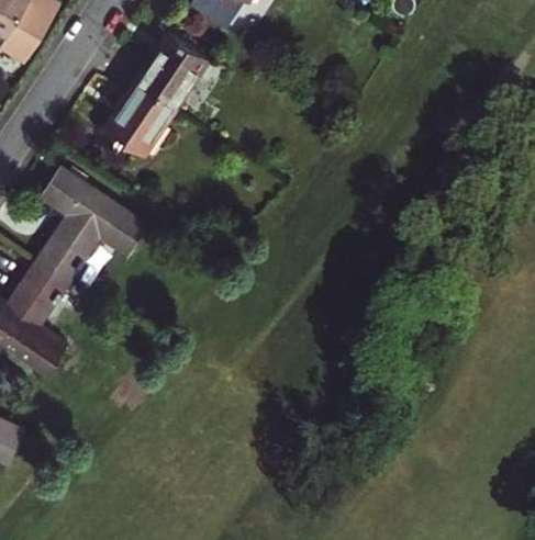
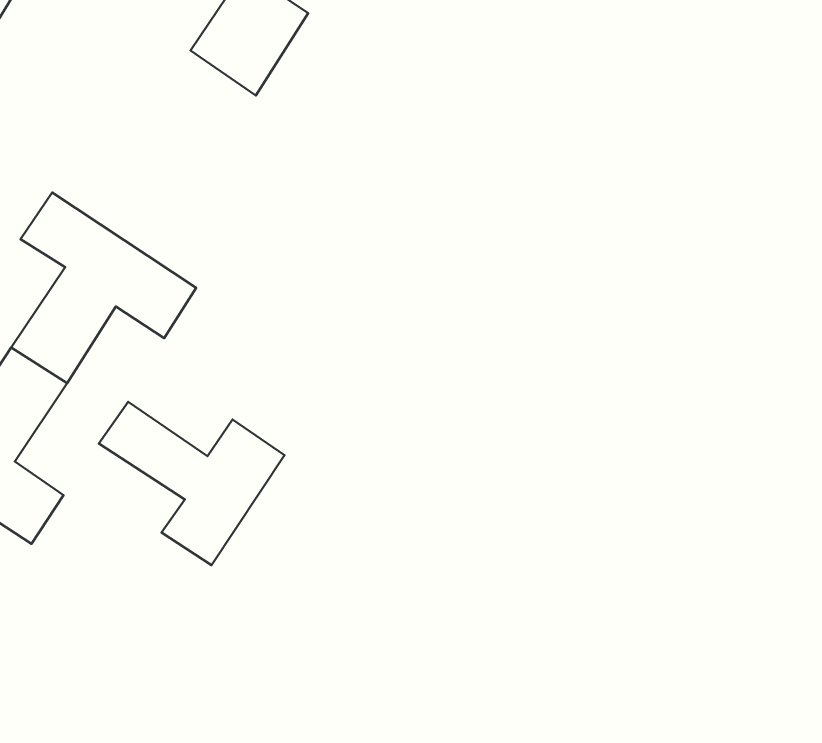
building: [108,82,179,157] -> none
building: none -> [99,402,285,565]

